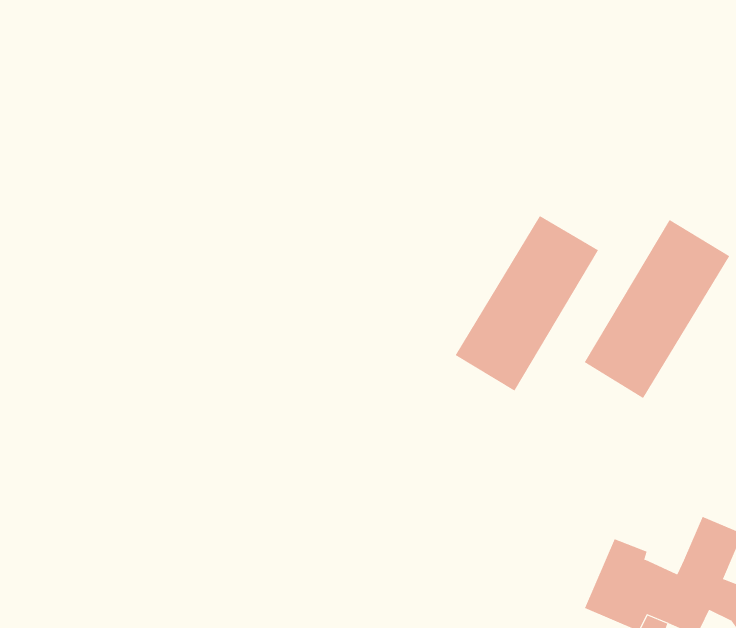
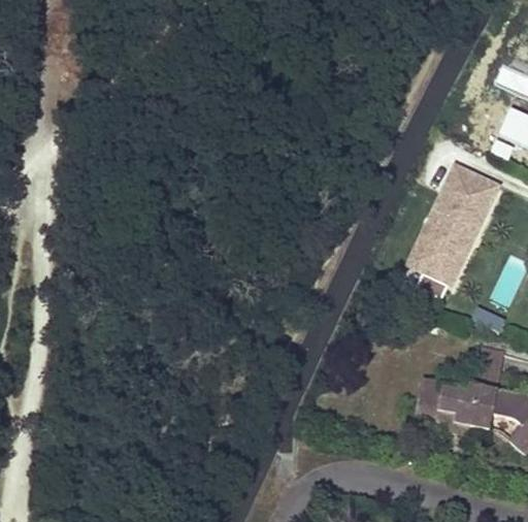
building: [455,215,599,392] -> none

